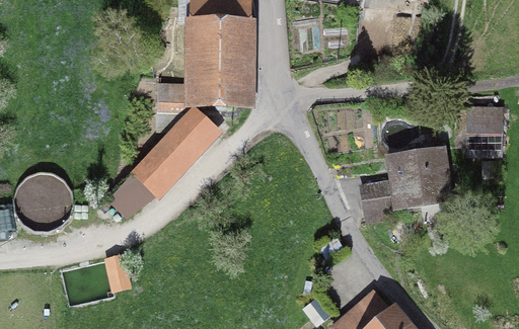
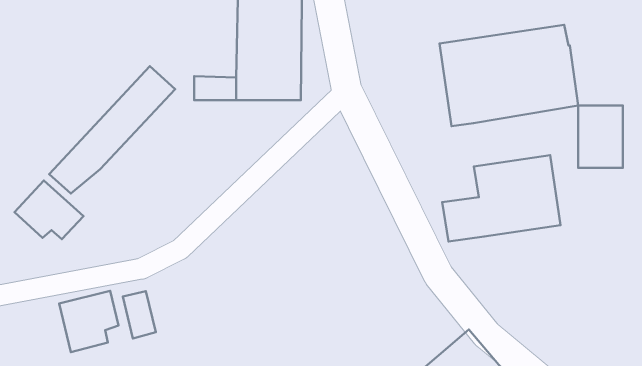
building: none -> [440,25,578,126]
building: [112,110,212,212] -> [49,66,175,193]
building: none -> [59,291,118,352]

